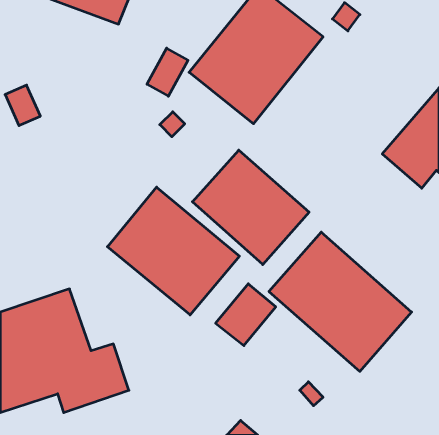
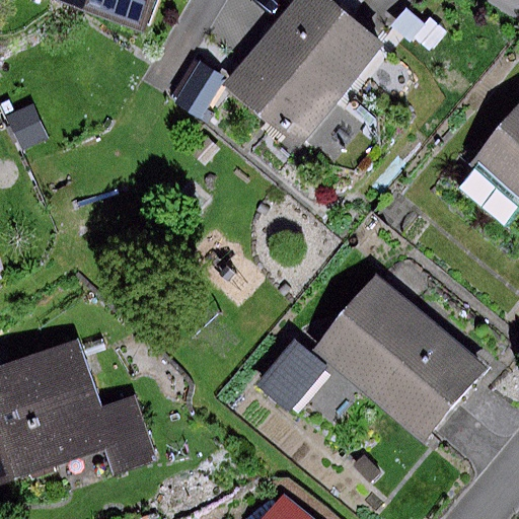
building: [192,150,309,265] -> none
building: [107,187,239,315] -> none

